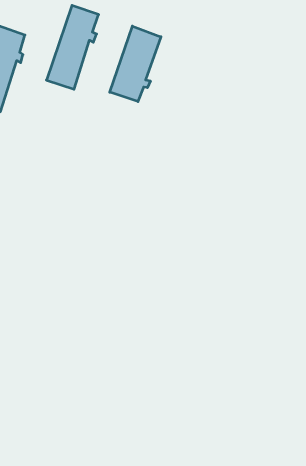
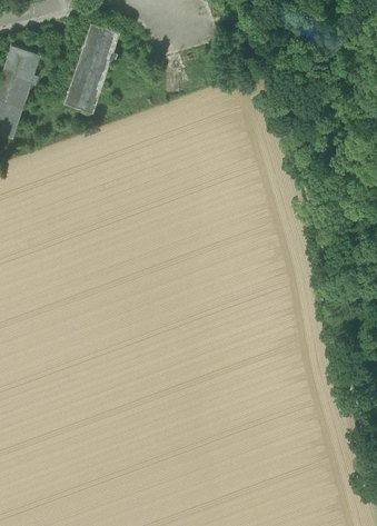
building: [110,26,161,102] -> none

